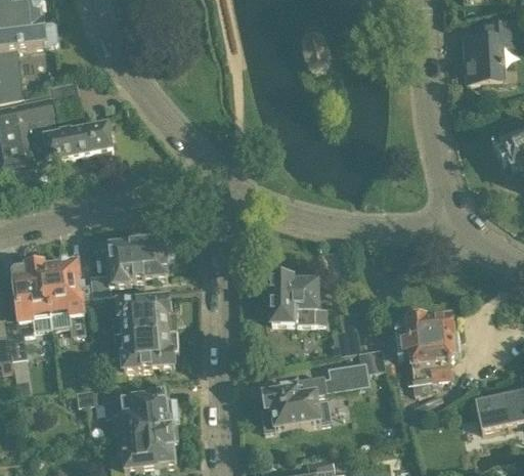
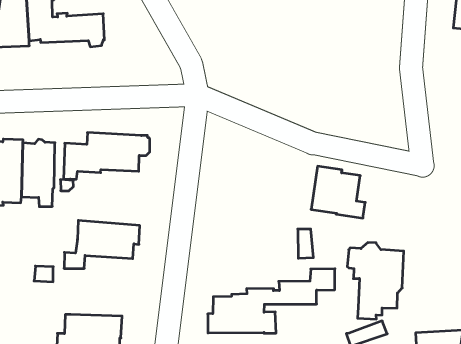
building: [271,274,325,320] -> [311,166,365,218]
building: [112,295,177,334] -> none
building: [103,391,179,431] -> none

